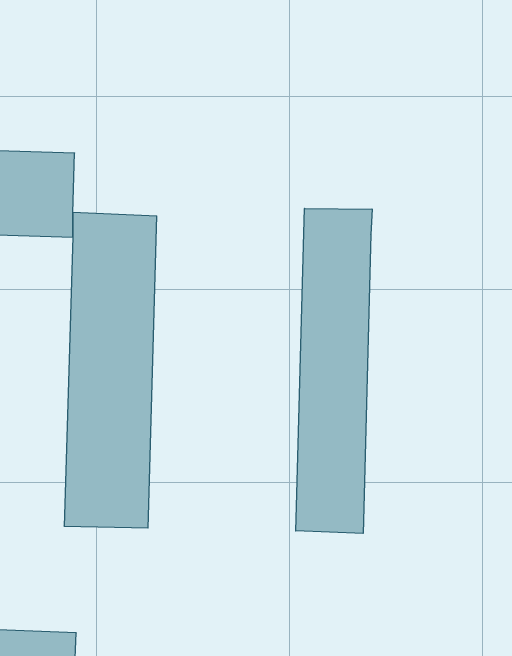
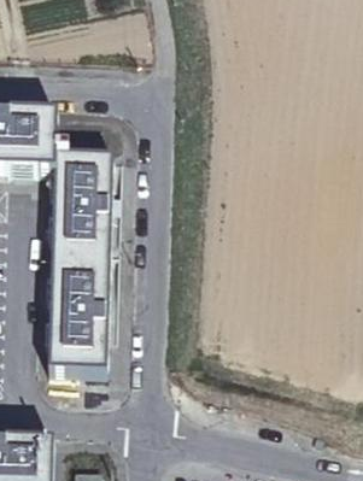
building: [296,208,372,533] -> none

